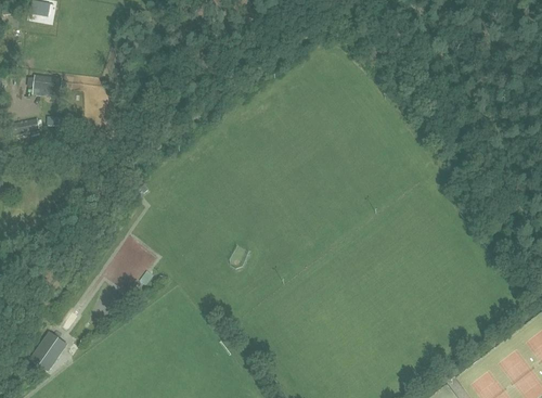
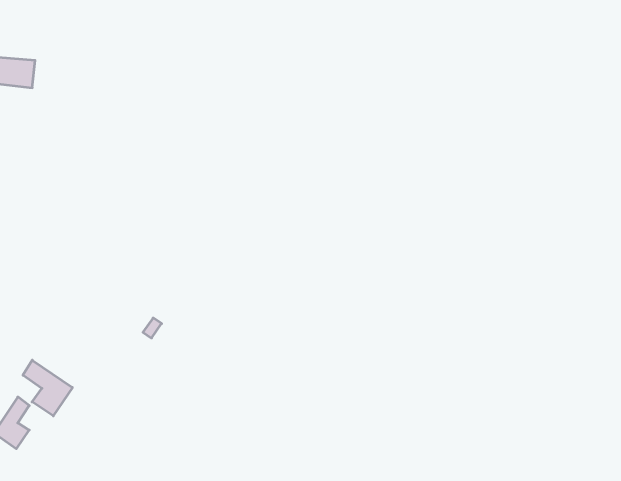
building: none -> [23,360,72,416]

